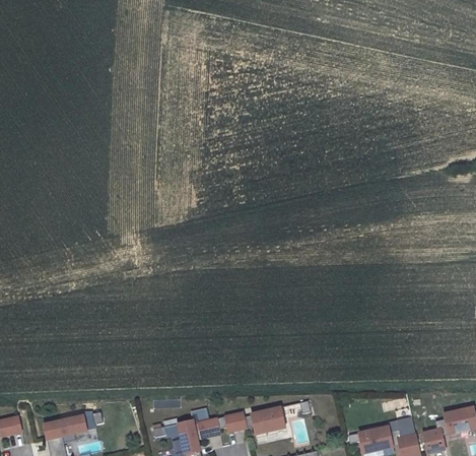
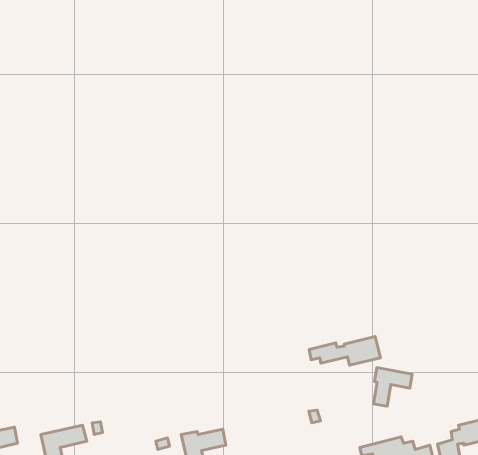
building: none -> [374,368,412,406]
building: [217,406,285,434] -> [309,337,380,365]

